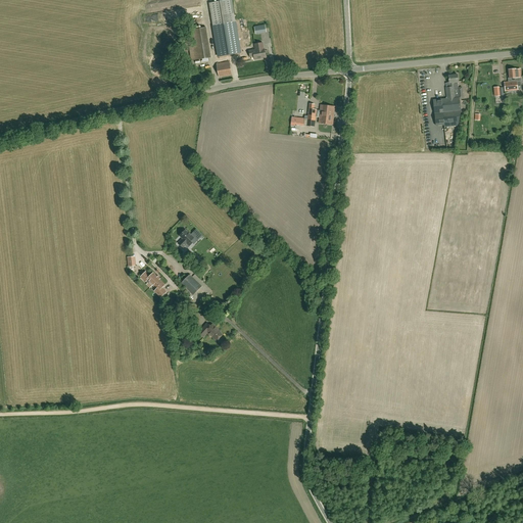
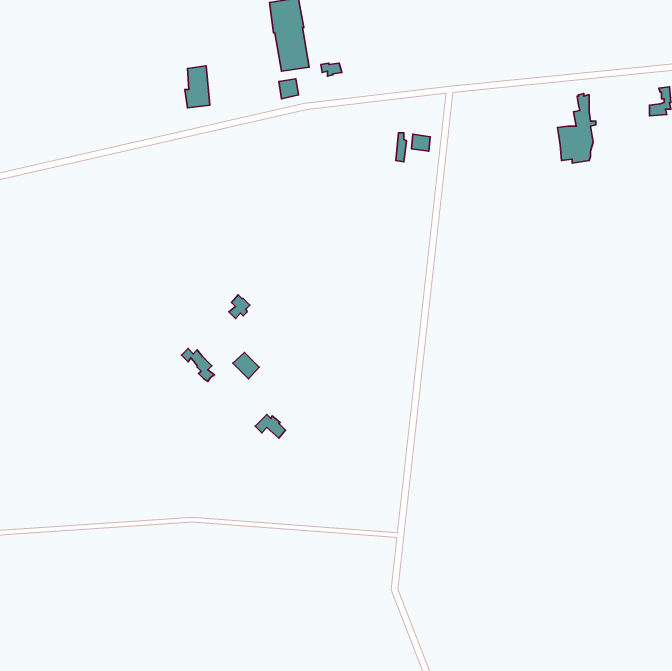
building: [188,26,207,58] -> [185,66,210,108]

